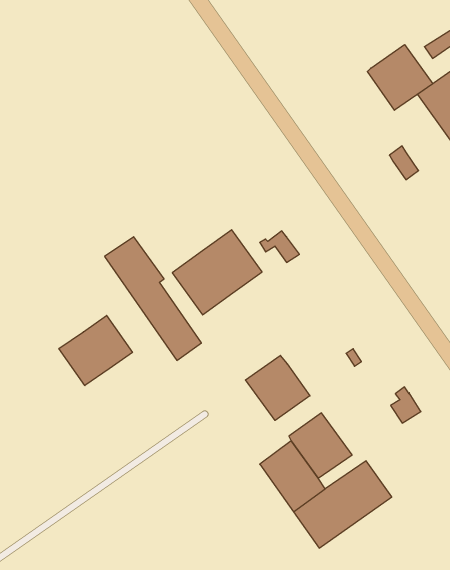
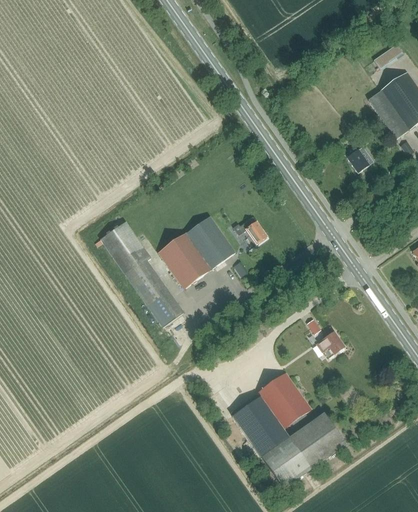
building: [367,45,433,110] -> none
building: [59,315,132,386] -> none
building: [245,355,310,420] -> none
building: [391,387,421,423] -> [317,325,343,356]

